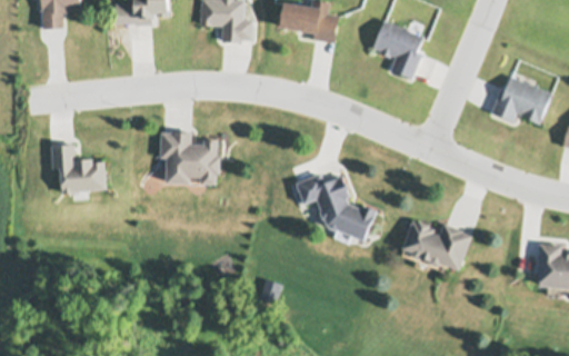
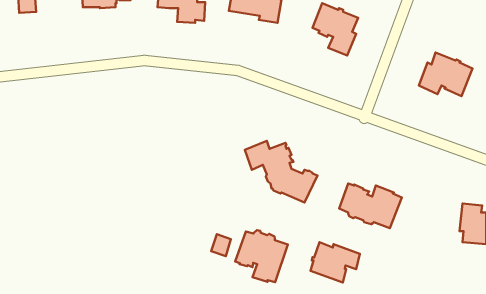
building: [161,131,220,186] -> none
building: [51,145,107,196] -> none
building: none -> [235,230,288,282]
building: none -> [311,242,360,283]

